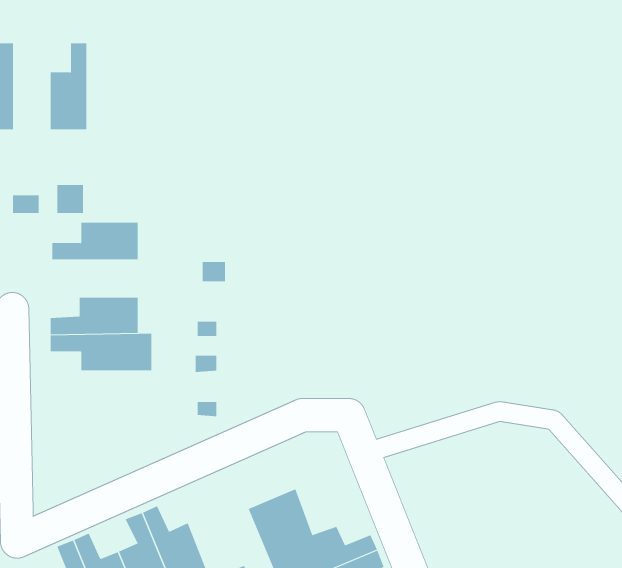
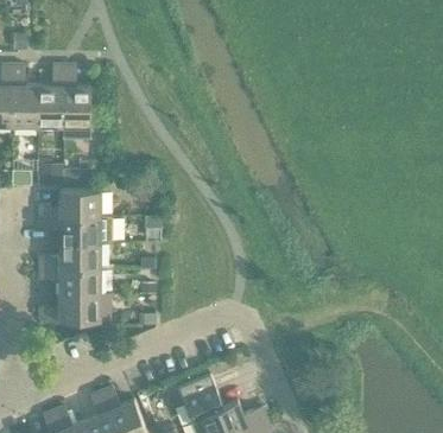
building: none -> [13,65,38,126]
building: none -> [64,65,90,141]
building: none -> [39,216,100,242]
building: none -> [39,293,109,321]

